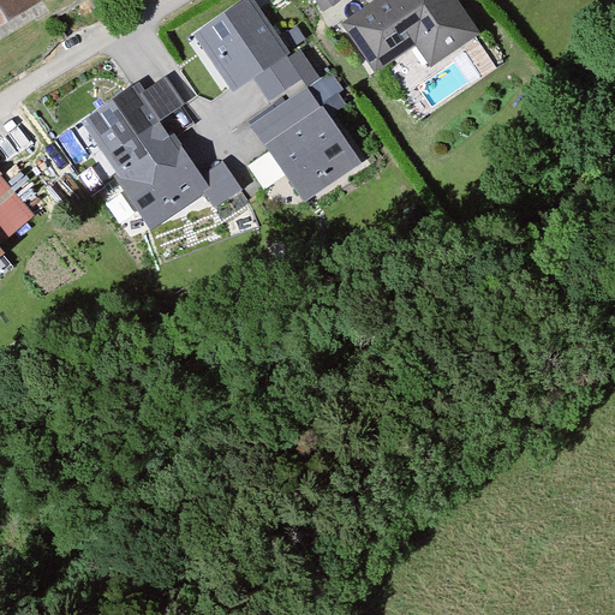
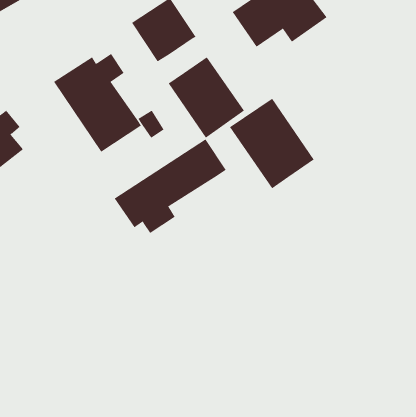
building: [250,56,304,107] -> none
building: none -> [229,98,314,189]
building: none -> [114,138,226,234]

